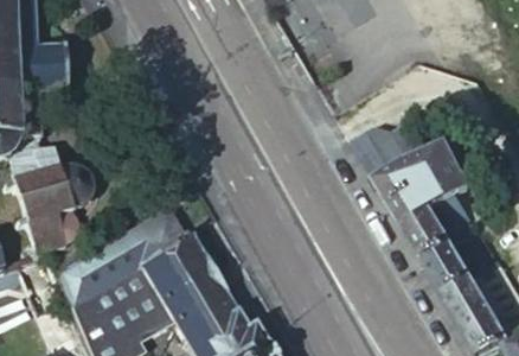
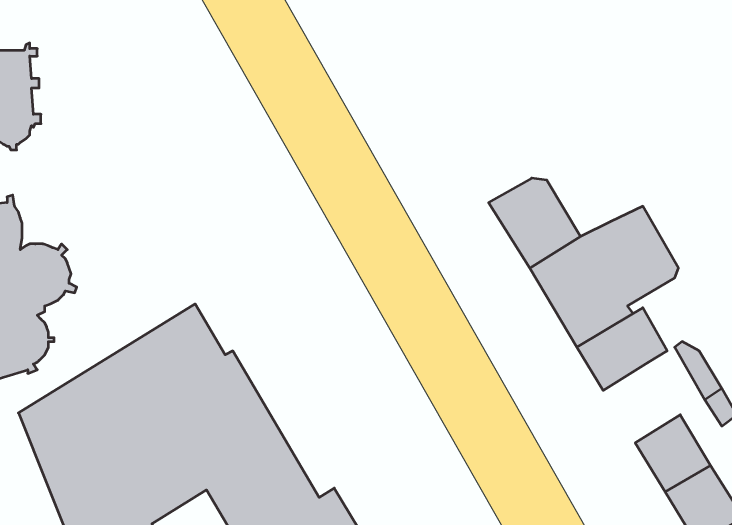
building: [424,241,473,292] -> none

